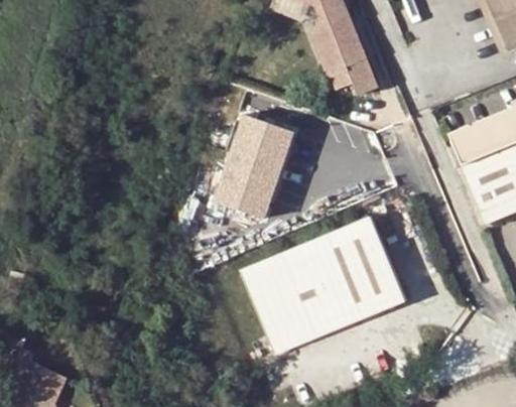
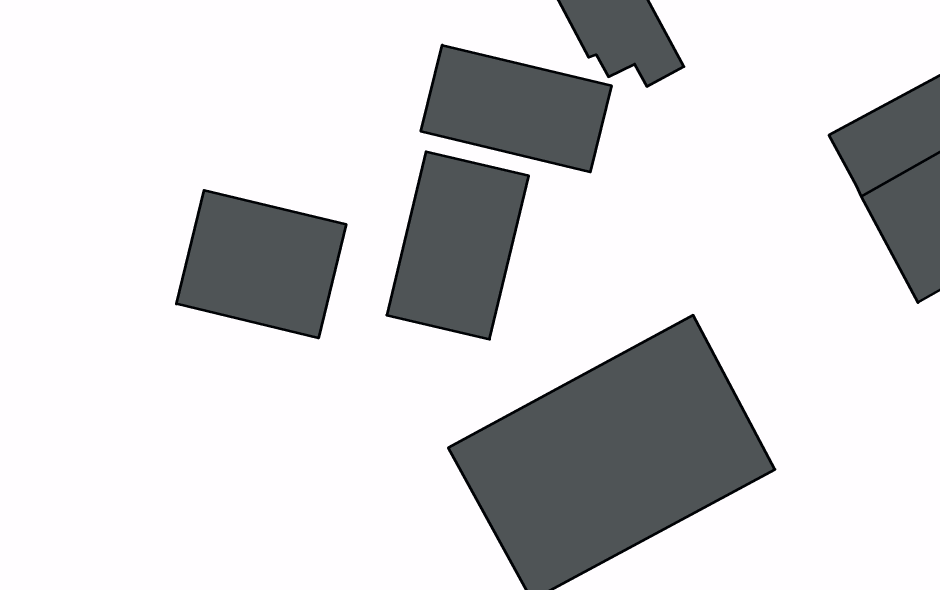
building: none -> [421,45,611,172]
building: none -> [176,190,346,338]

